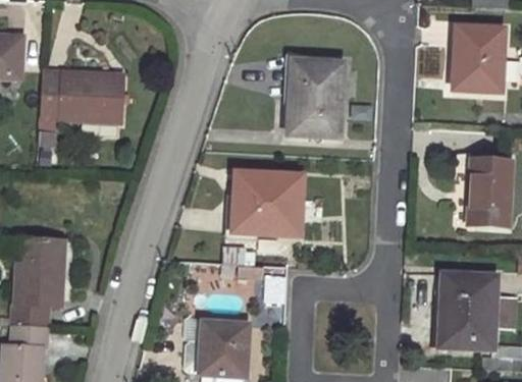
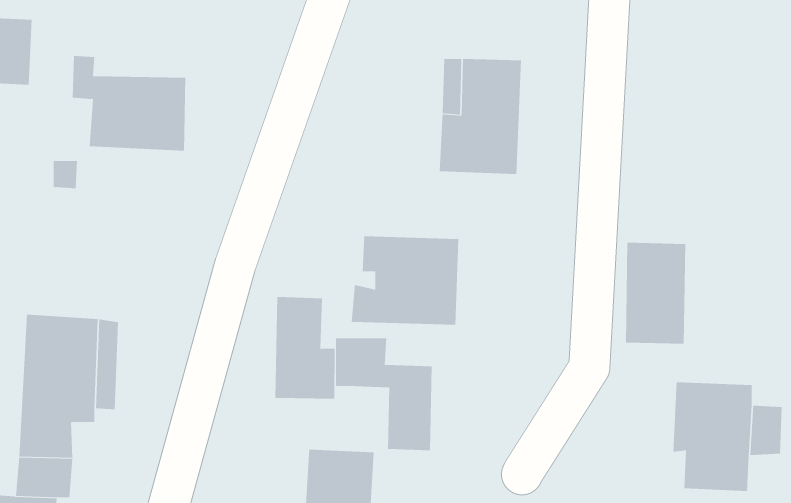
building: [452,30,510,93] -> none
building: [470,161,510,227] -> [625,242,686,344]
building: none -> [275,296,335,400]

